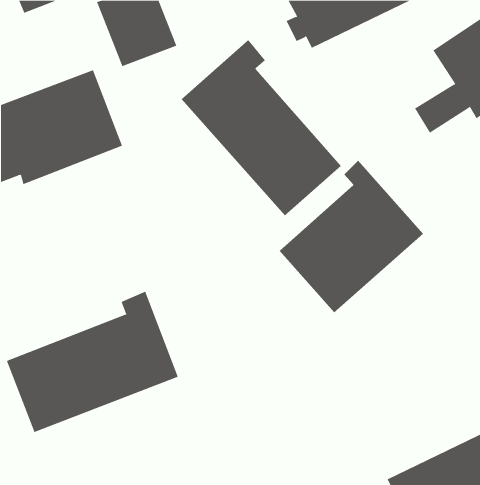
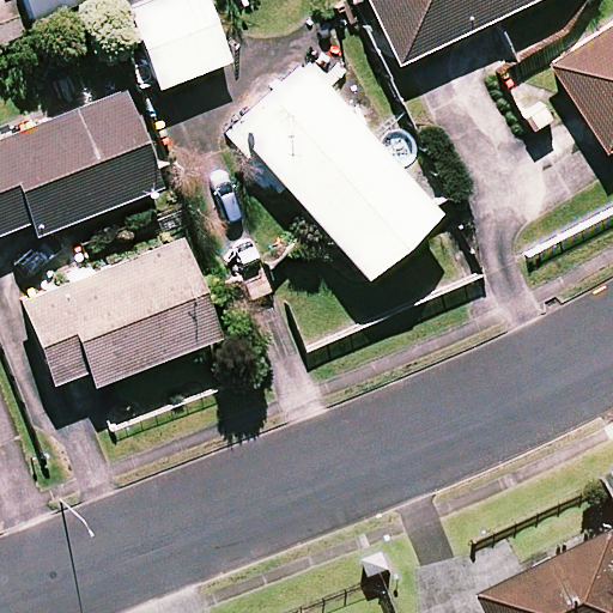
building: [279,160,424,313] -> none
building: none -> [24,238,221,384]
building: [6,291,179,433] -> none

